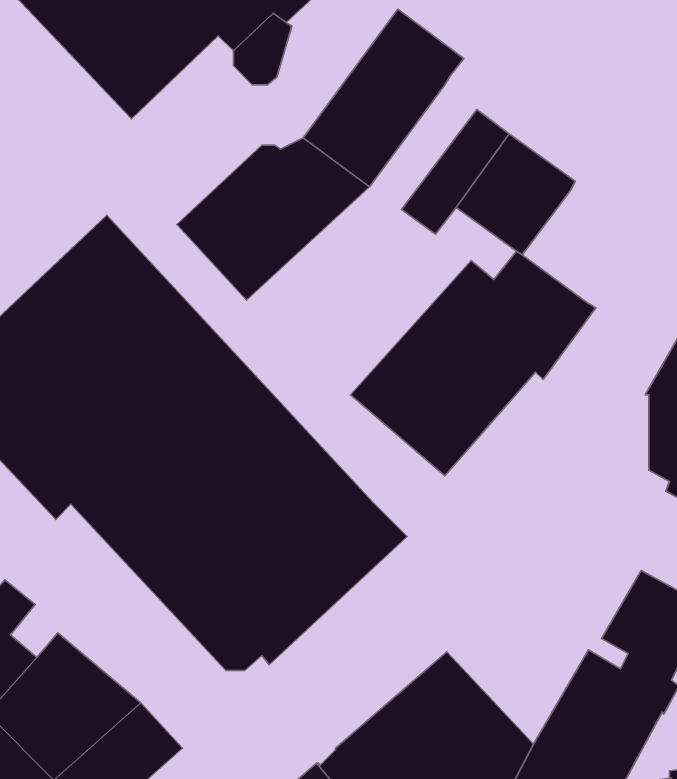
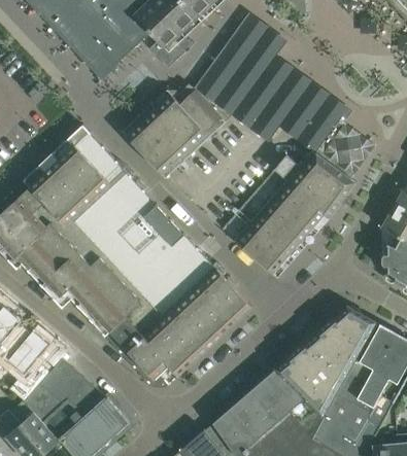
building: none -> [231,60,290,128]
building: none -> [314,119,374,178]
building: none -> [273,306,375,419]

